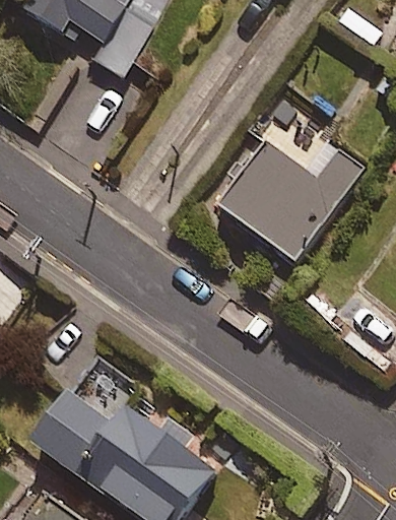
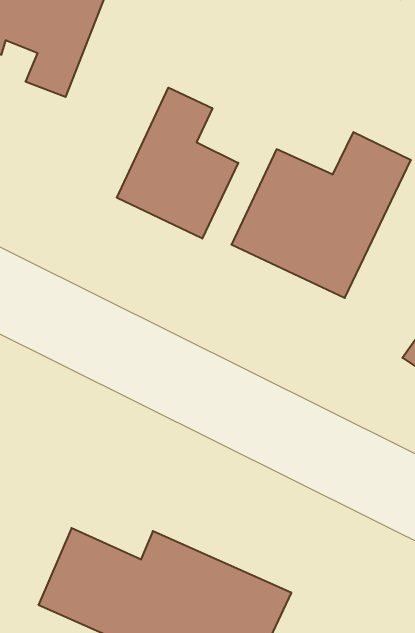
building: none -> [117,88,238,239]

